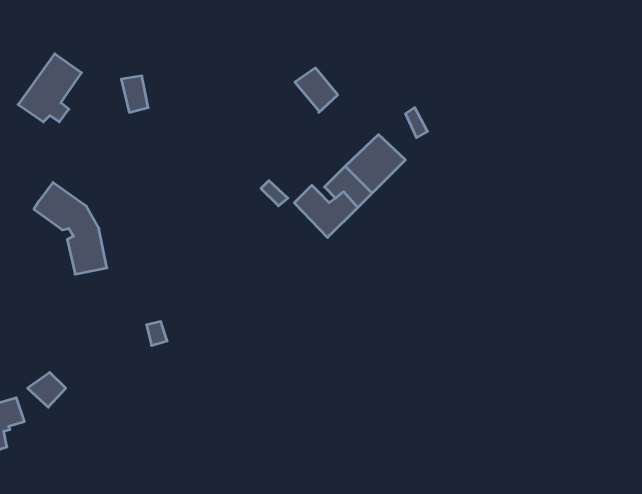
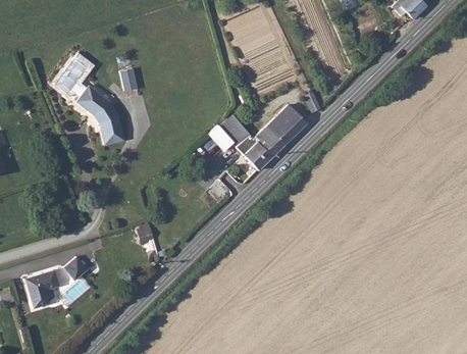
building: [295,68,338,112] -> [216,118,244,147]
building: [34,182,107,274] -> [80,85,126,144]

